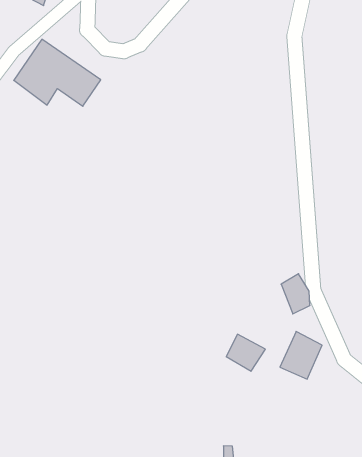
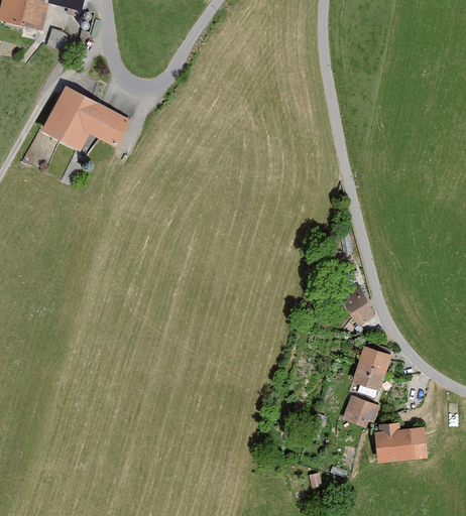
building: [226,334,265,371] -> [342,394,380,429]
building: none -> [378,421,428,463]

